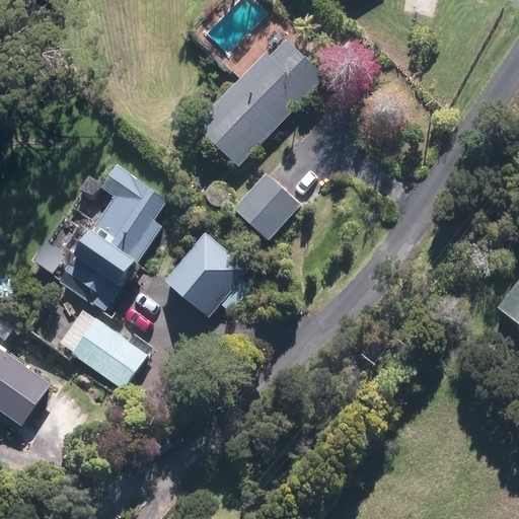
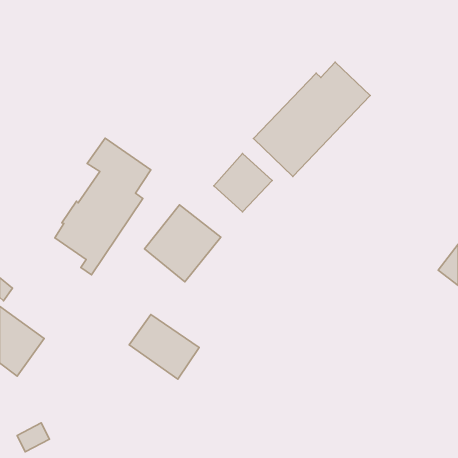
building: [193,39,324,167] -> [253,62,370,176]
building: [70,318,149,391] -> [129,314,199,379]

